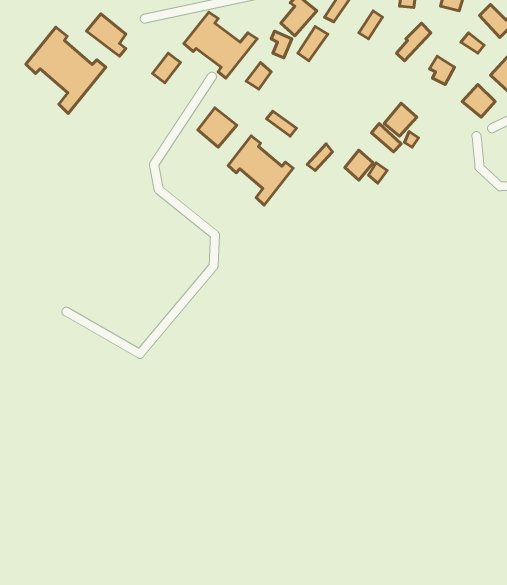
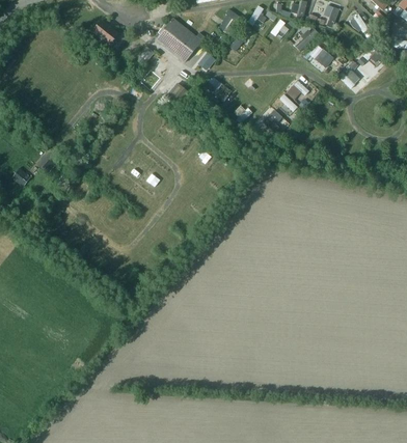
building: [26,27,106,113] -> none
building: [228,136,293,205] -> none

